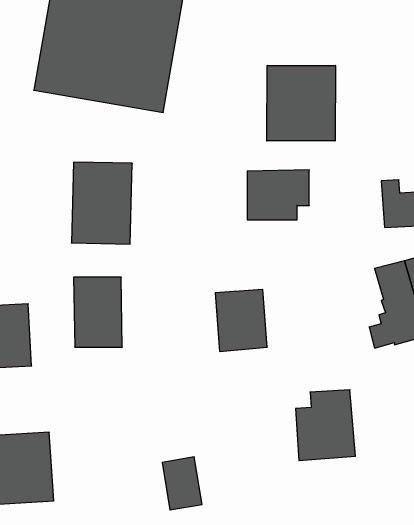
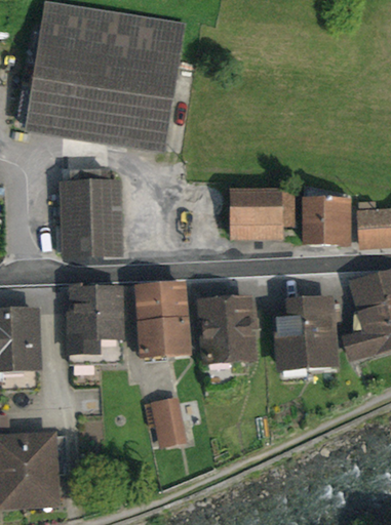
building: [267,65,335,141] -> none
building: none -> [307,199,343,241]
building: none -> [141,286,184,353]
building: [296,390,355,461] -> [277,299,333,365]
building: [162,457,202,510] -> [157,398,194,447]

